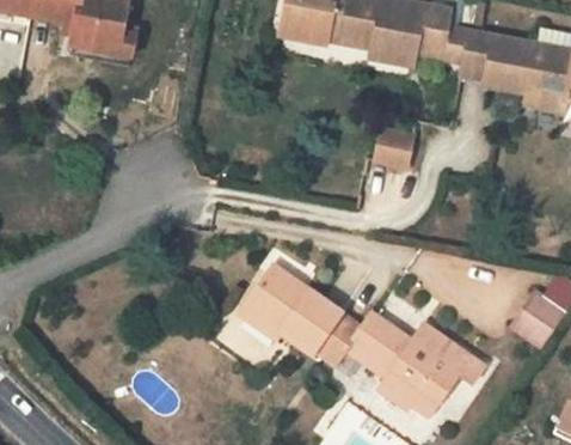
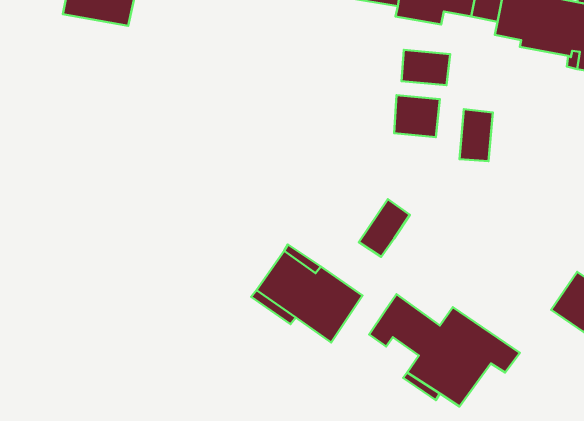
building: none -> [401,50,450,85]
building: none -> [459,109,493,161]
building: [314,312,361,365] -> [359,199,410,257]

